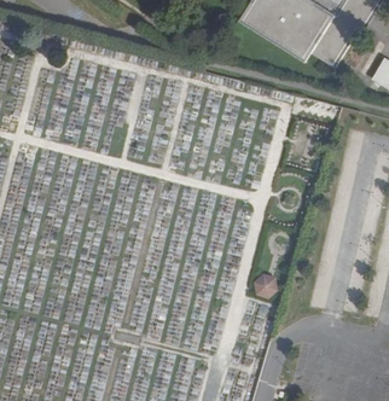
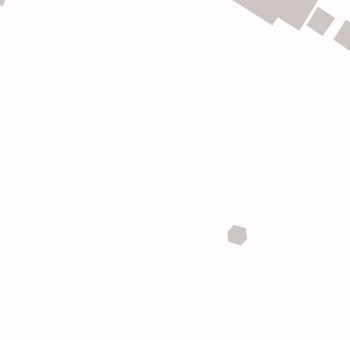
building: none -> [305,5,336,37]

